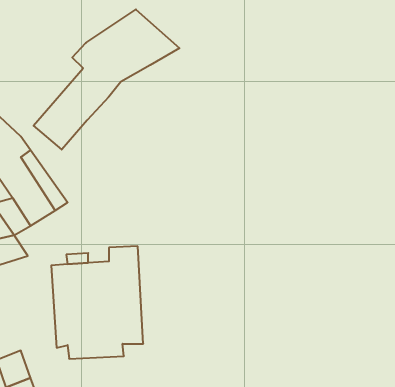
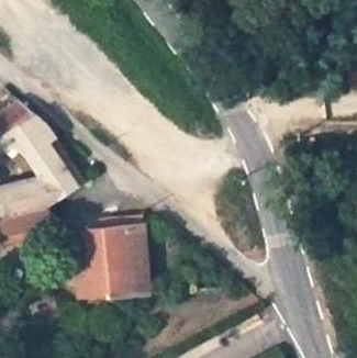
building: [34,9,179,150] -> none

